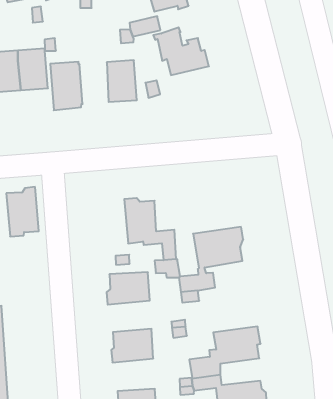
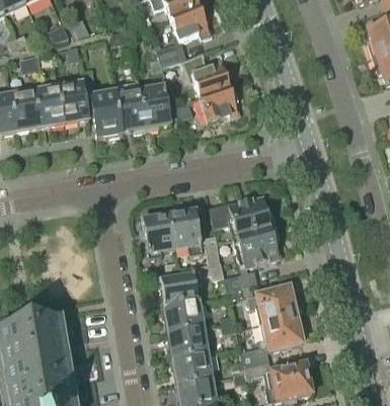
building: none -> [114,80,145,129]
building: none -> [199,84,237,121]
building: [6,187,39,236] -> [142,211,174,257]
building: none -> [209,195,275,236]
building: none -> [246,286,298,323]
building: none -> [161,300,203,331]
building: none -> [170,351,211,384]

